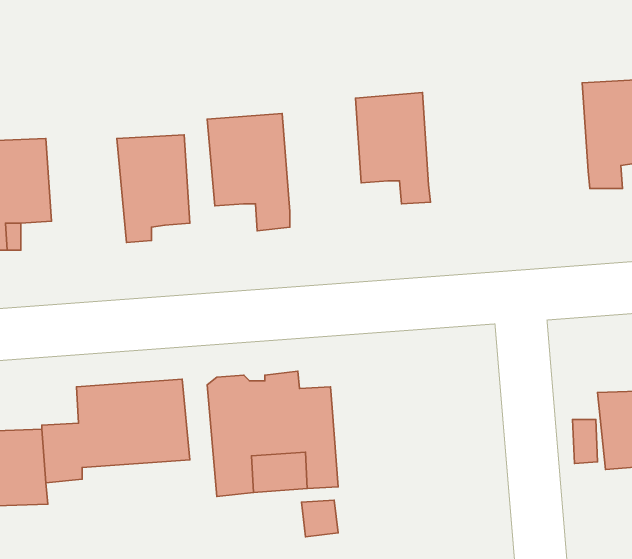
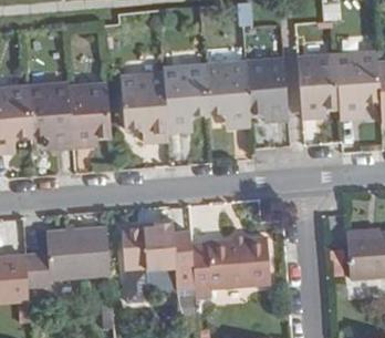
building: none -> [299,57,341,117]
building: none -> [246,60,290,121]
building: none -> [164,65,210,131]
building: none -> [29,85,75,150]
building: none -> [194,236,272,296]

